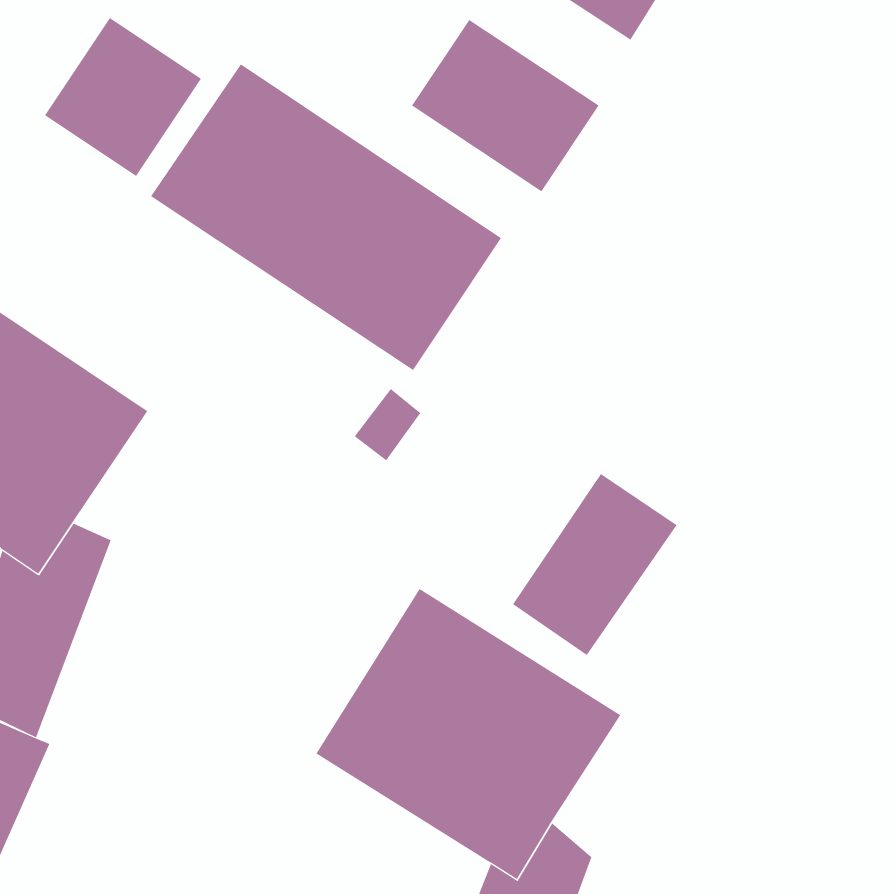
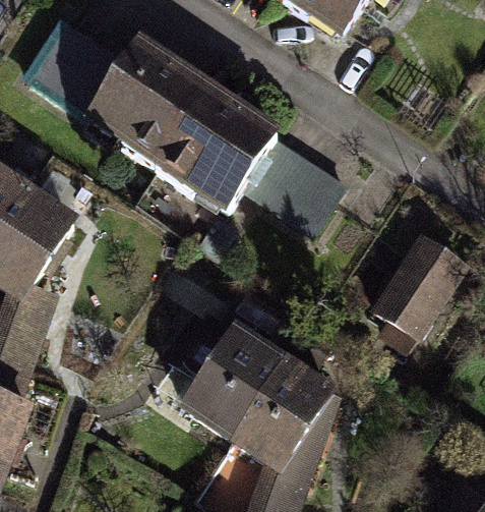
building: [411,19,600,192] -> [239,135,339,227]
building: [512,473,677,656] -> [371,236,459,333]

